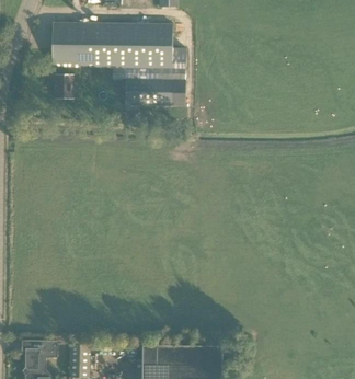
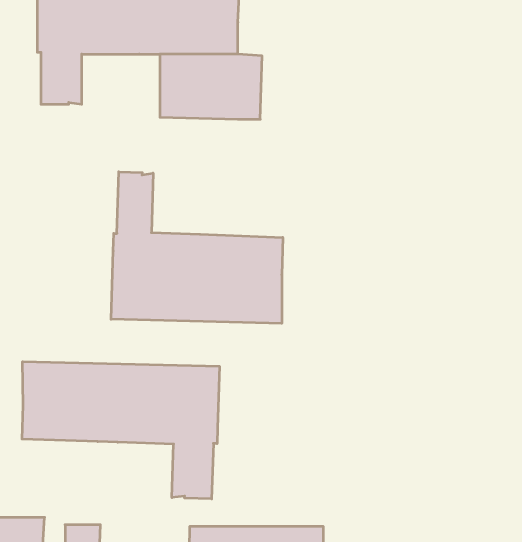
building: none -> [111,172,283,323]
building: none -> [22,362,219,499]

